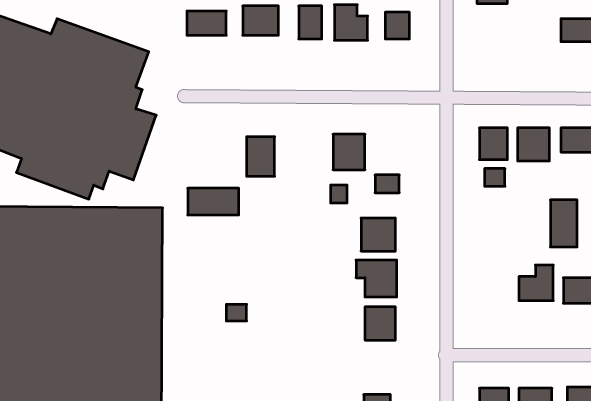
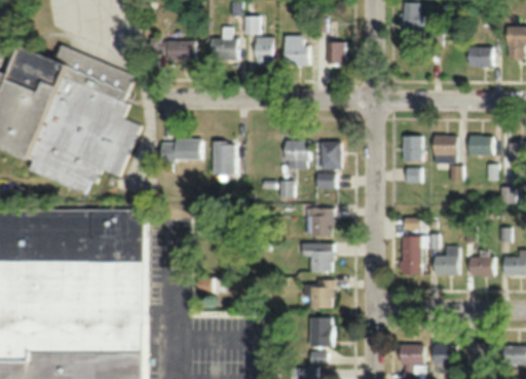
building: none -> [320,142,342,169]
building: [188,188,239,215] -> [163,141,204,162]
building: [550,200,577,247] -> [402,236,423,274]
building: none -> [308,317,334,347]

